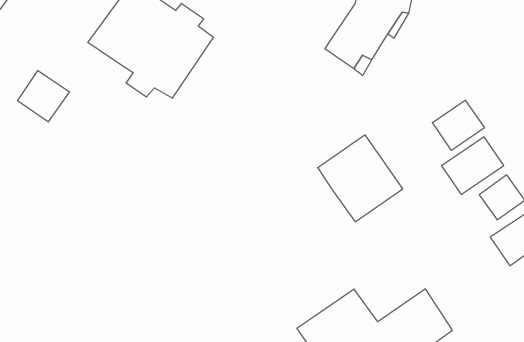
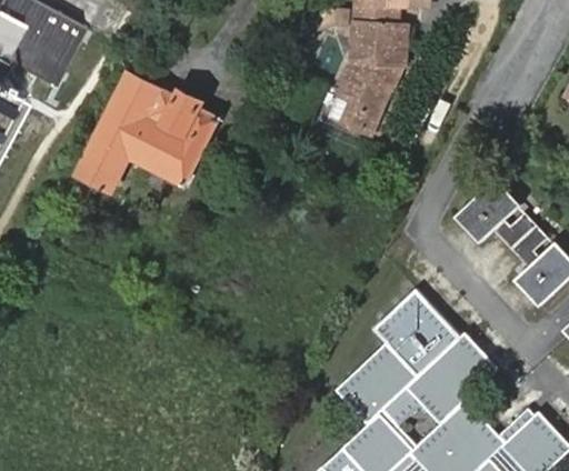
building: [17,71,69,122] -> [77,141,127,190]
building: [432,100,484,150] -> none
building: [318,135,403,222] -> [372,289,459,375]

